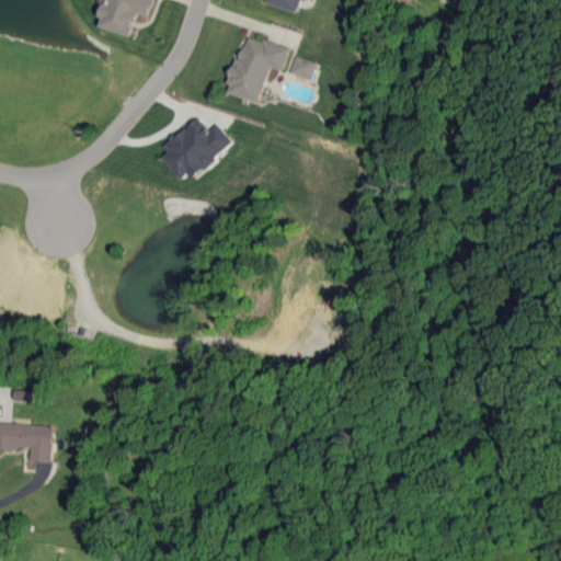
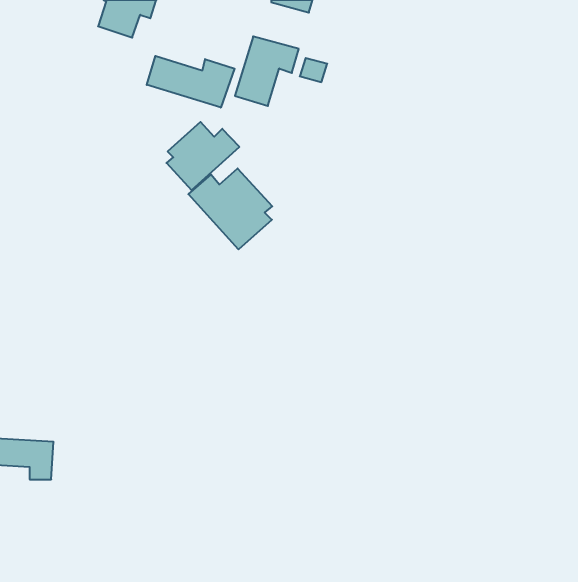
building: none -> [147,56,235,108]
building: none -> [188,168,272,249]

